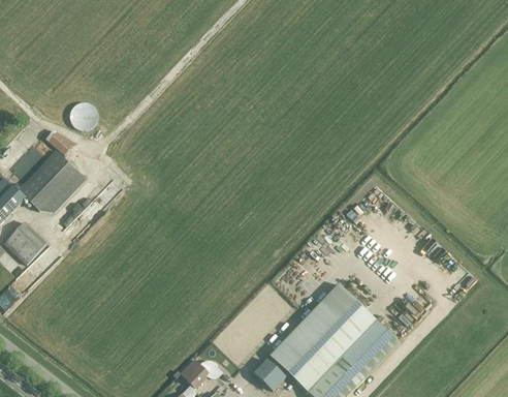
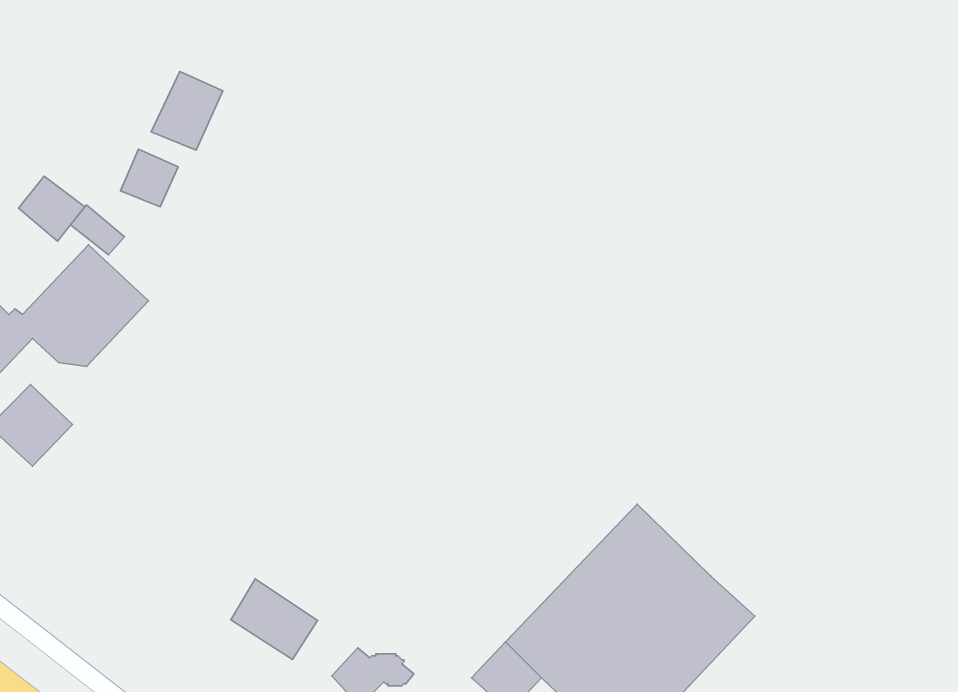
building: none -> [151,71,223,150]
building: none -> [18,176,85,241]
building: none -> [231,579,317,659]

